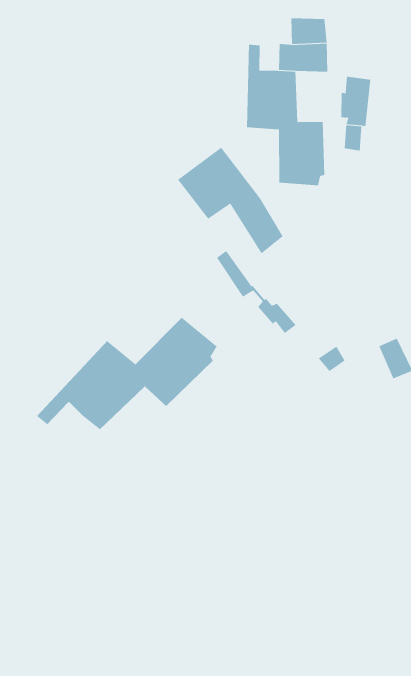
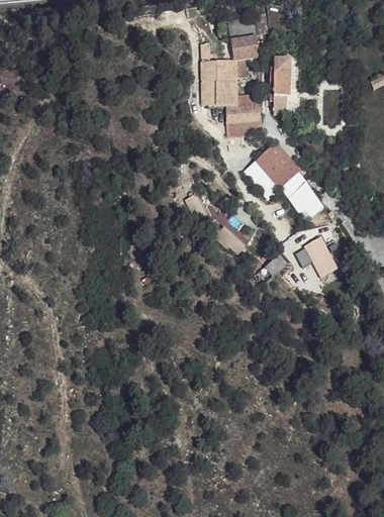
building: [177,147,283,254] -> [245,143,324,219]
building: [36,317,218,430] -> none

